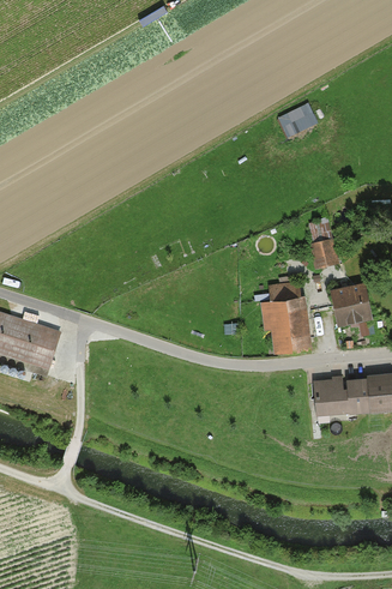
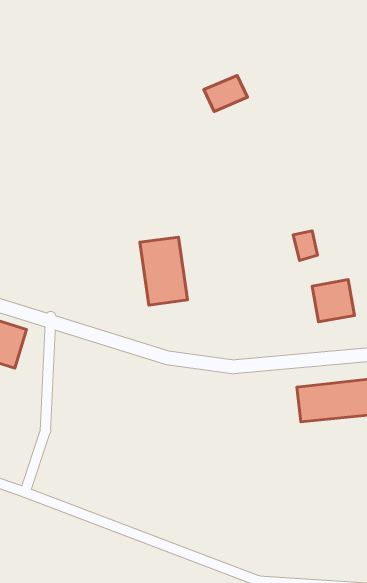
building: [278,102,319,136] -> [204,76,247,111]
building: [267,295,312,359] -> [140,237,187,305]

